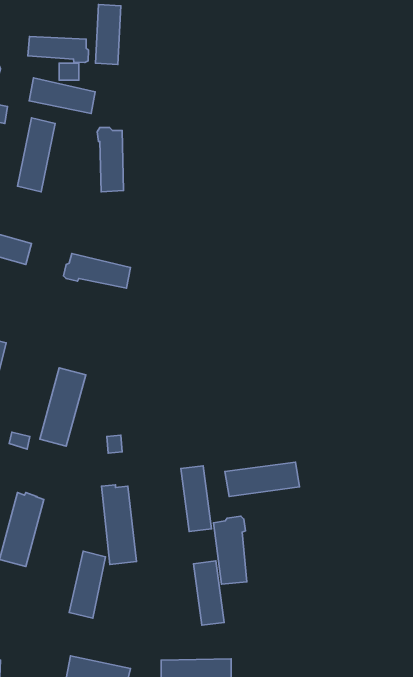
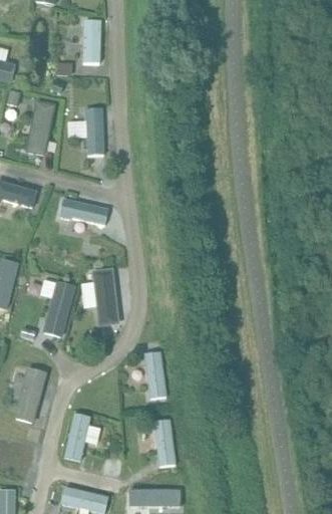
building: [28,36,88,62] -> none
building: [29,78,95,113] -> none
building: [225,462,300,496] -> none
building: [101,485,136,564] -> [92,268,117,325]
building: [213,516,247,584] -> none

